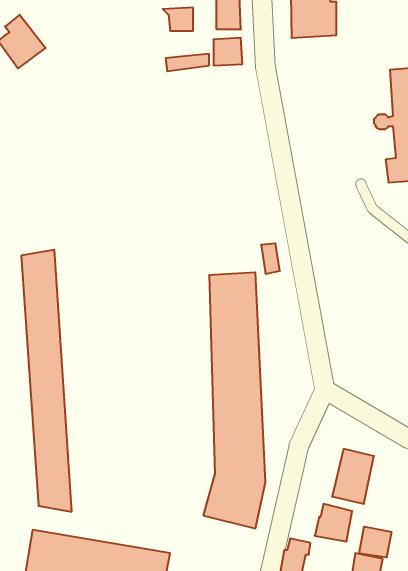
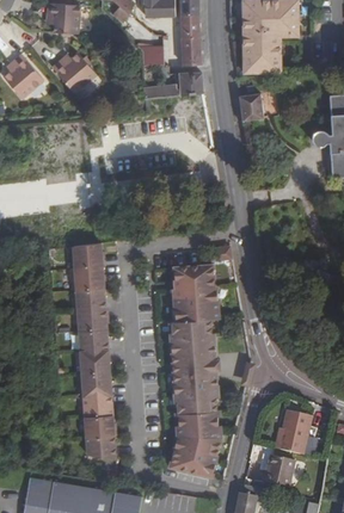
building: none -> [49,54,92,93]
building: none -> [238,94,263,122]
building: [21,250,72,512] -> [74,242,116,458]
building: [359,527,392,558] -> none

